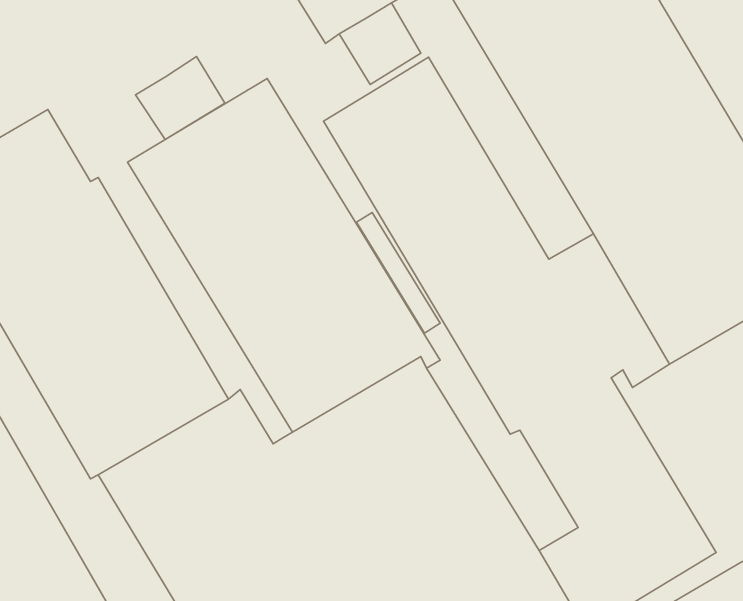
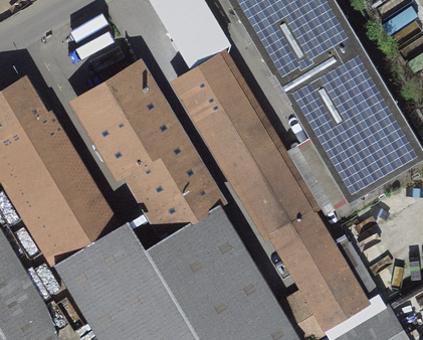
building: [135,57,225,140] -> none

